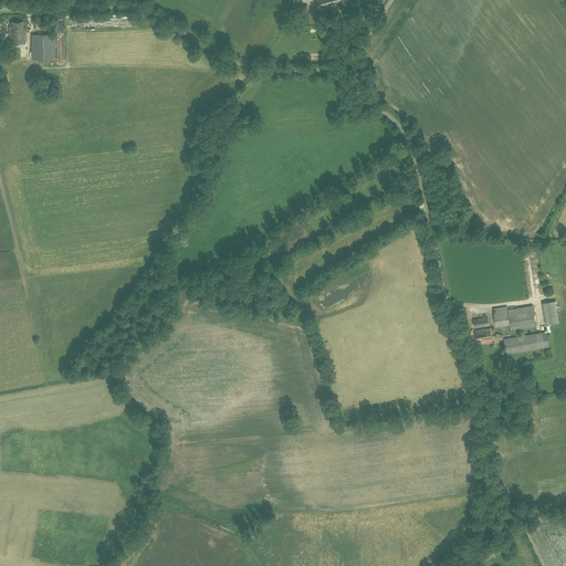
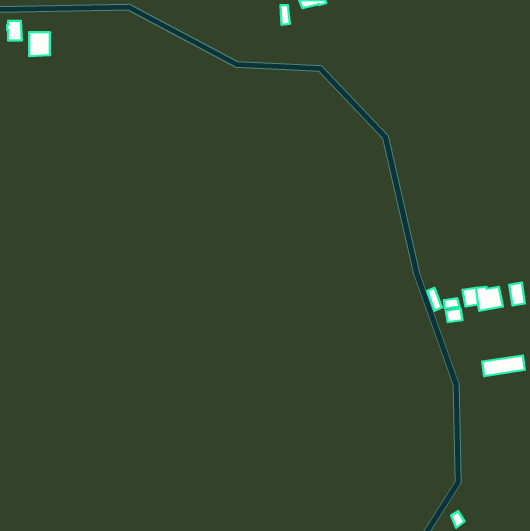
building: [503,332,548,354] -> [482,355,525,376]

